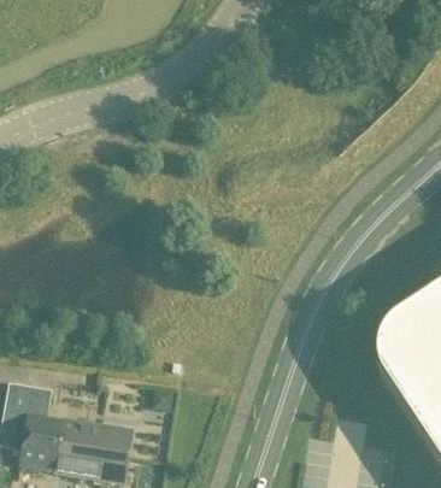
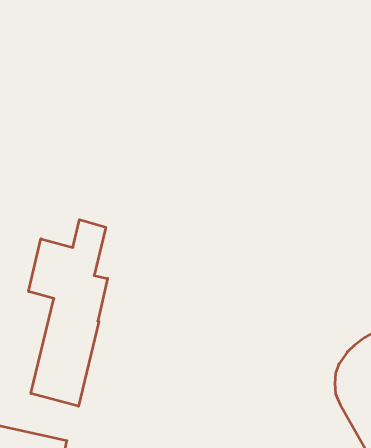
building: none -> [29,220,108,406]

